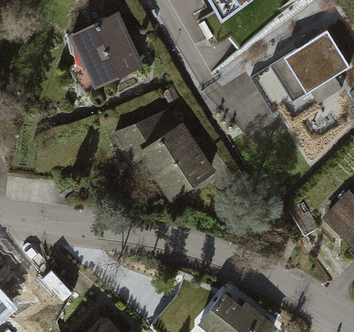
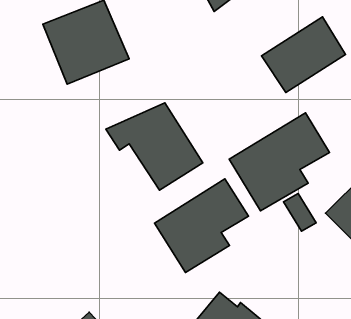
building: none -> [229,113,329,211]
building: none -> [154,179,249,272]

